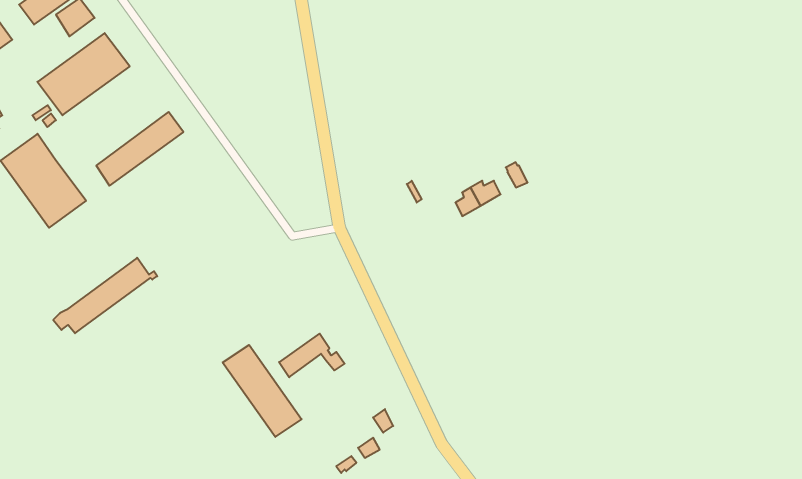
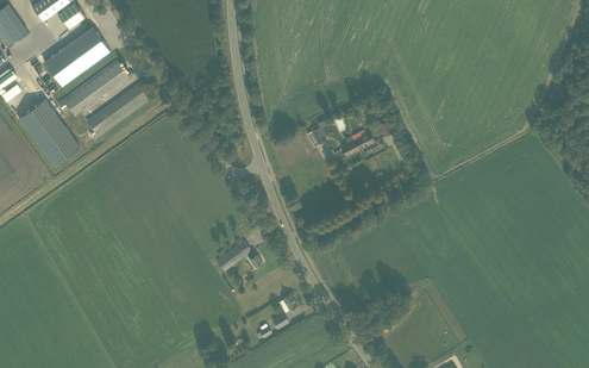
building: [53,258,157,333] -> [58,61,132,114]
building: [223,345,302,437] -> none

